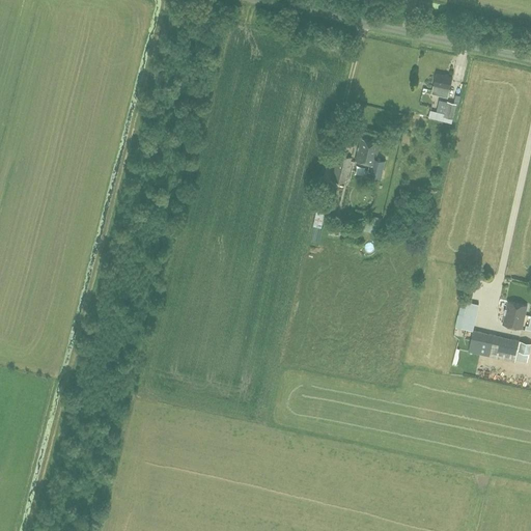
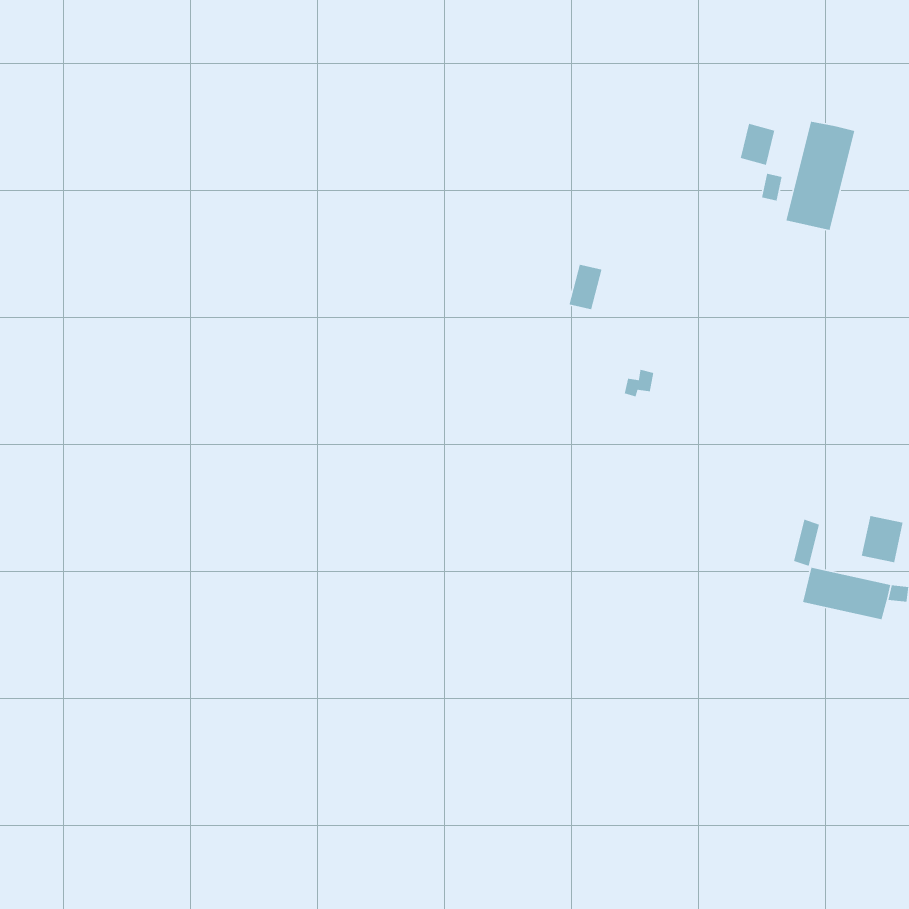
building: none -> [785,121,855,231]
building: [355,137,384,178] -> none

